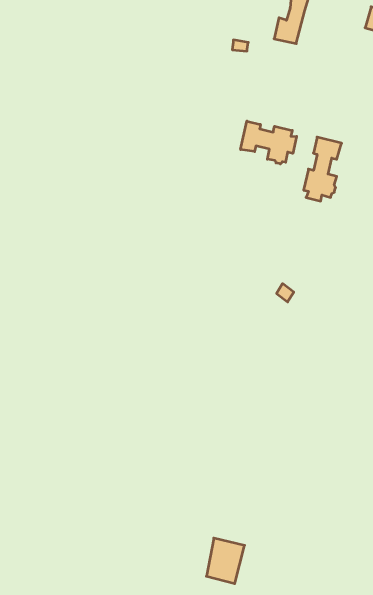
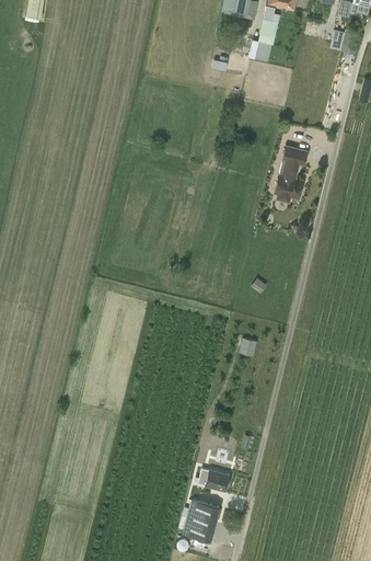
building: [241,121,297,164] -> none
building: none -> [198,467,229,490]

